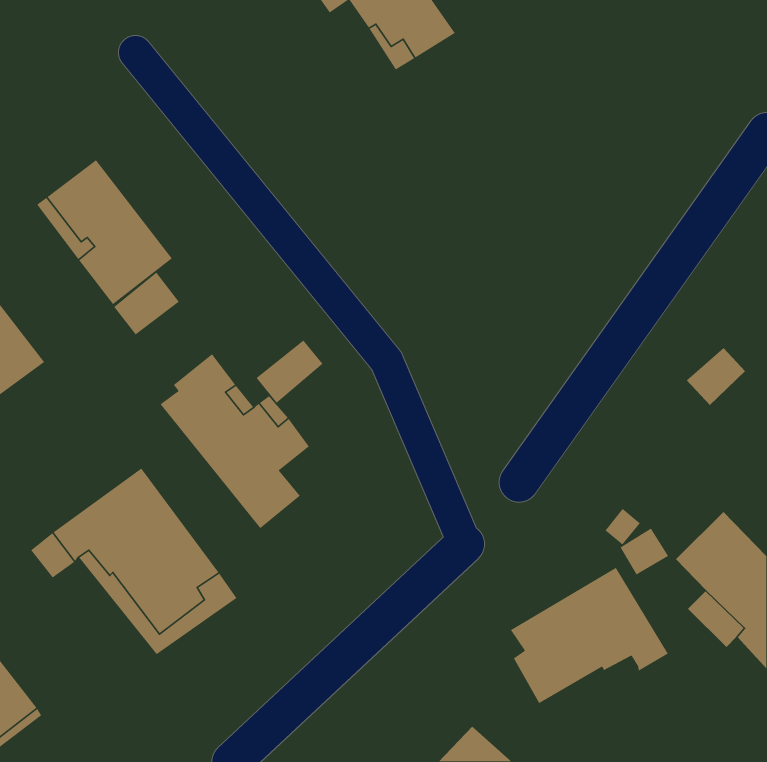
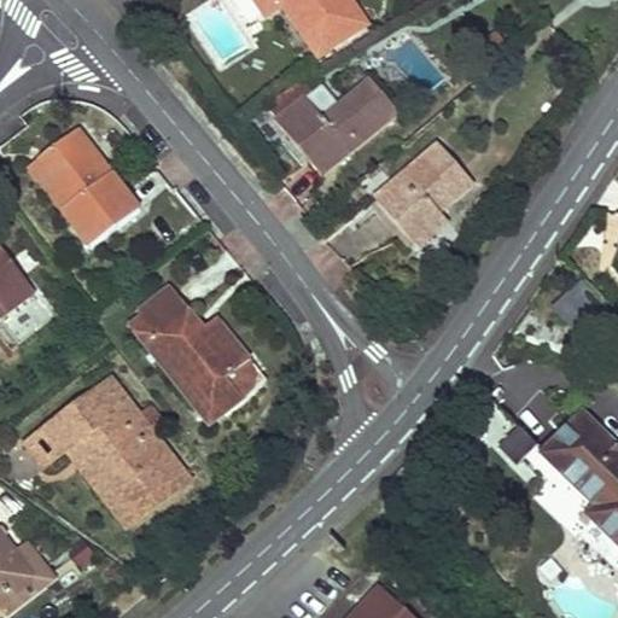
building: none -> [266,72,401,174]
building: none -> [373,140,472,245]
building: [113,271,180,335] -> none
building: [256,339,324,404] -> none
building: [510,567,669,704] -> none

